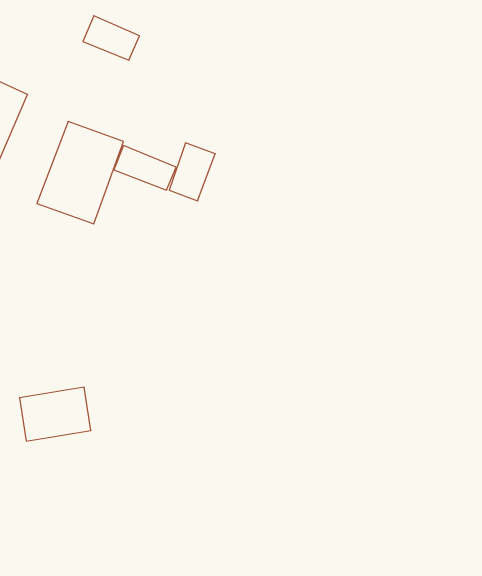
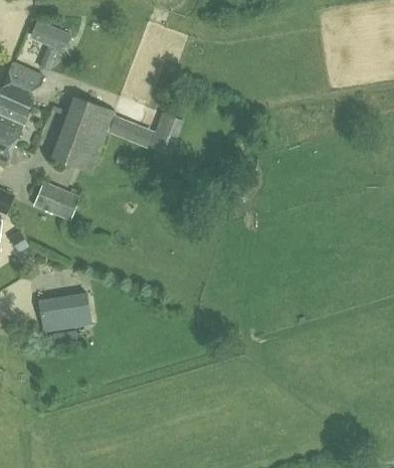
building: [83,16,140,60] -> [28,17,70,50]
building: none -> [33,183,78,221]

